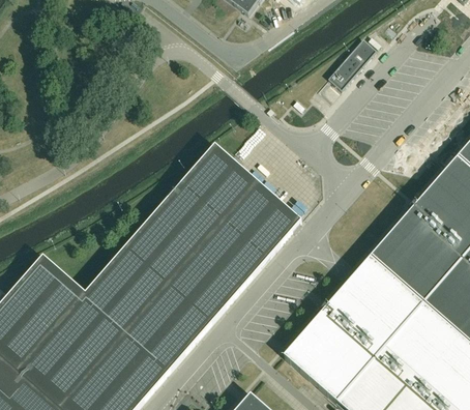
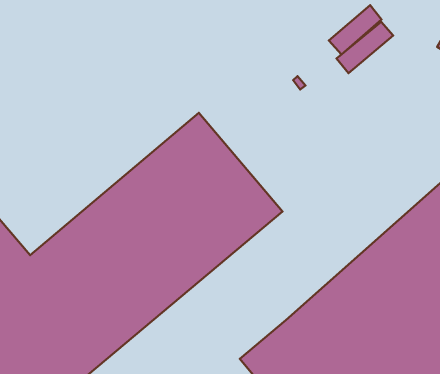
building: none -> [329,5,382,55]

